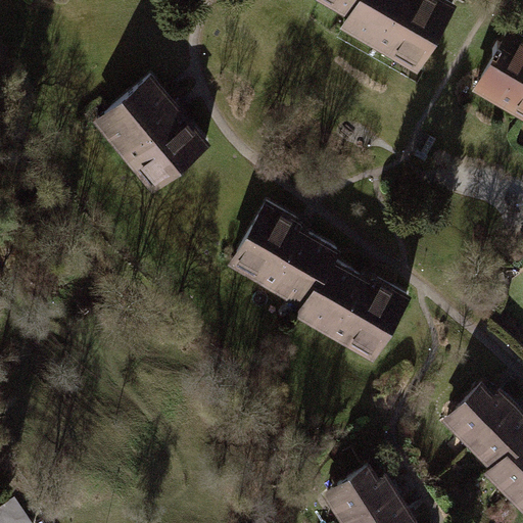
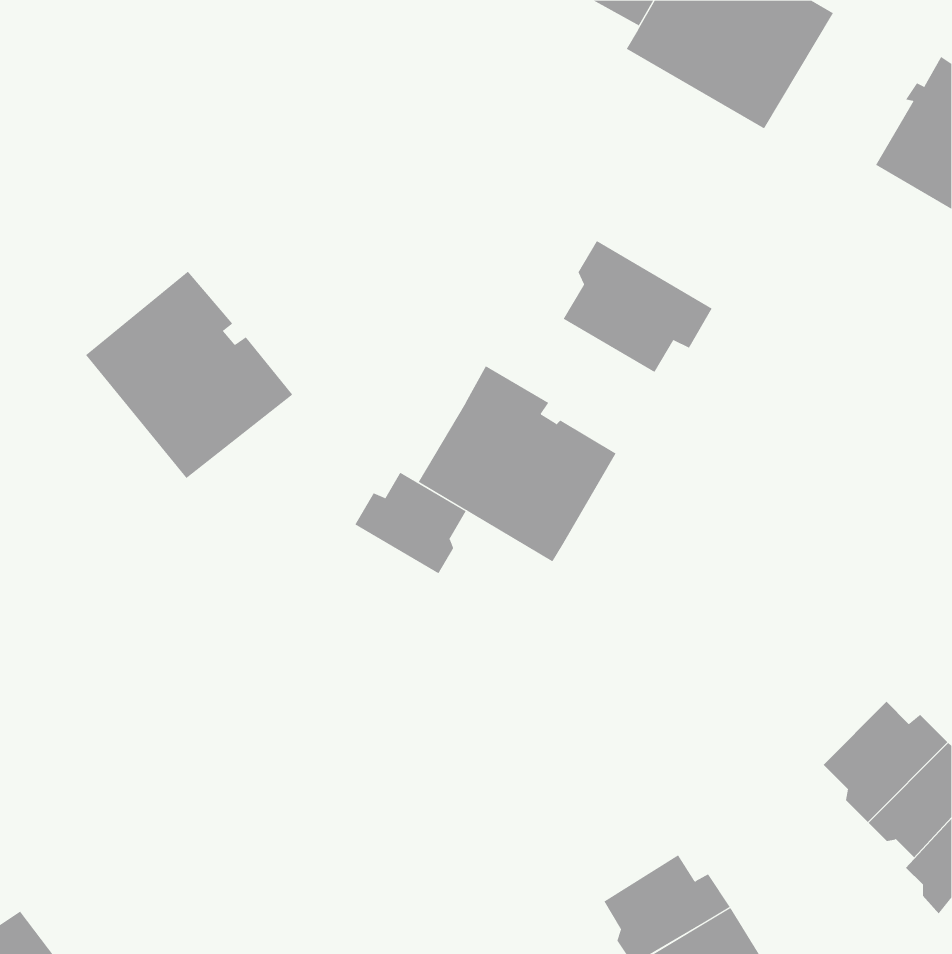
building: [95,78,208,191] -> [85,271,293,479]
building: none -> [563,240,713,373]
building: [297,257,409,360] -> none
building: none -> [355,472,467,574]

